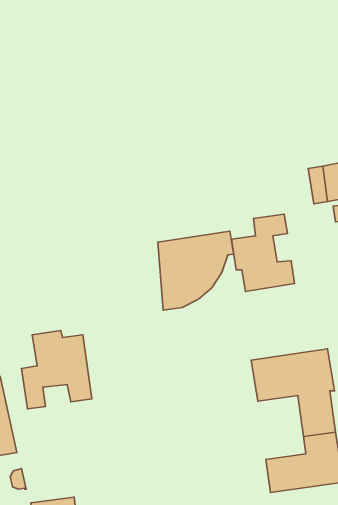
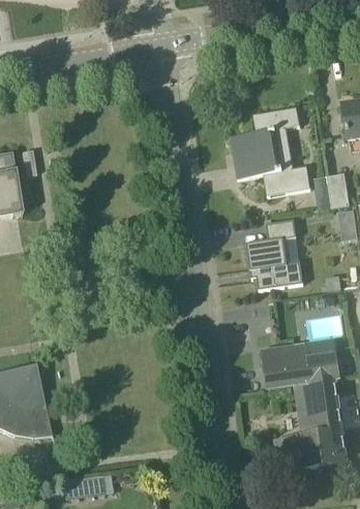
building: none -> [231,106,311,195]
building: [158,231,234,310] -> none
building: [21,330,92,409] -> none

